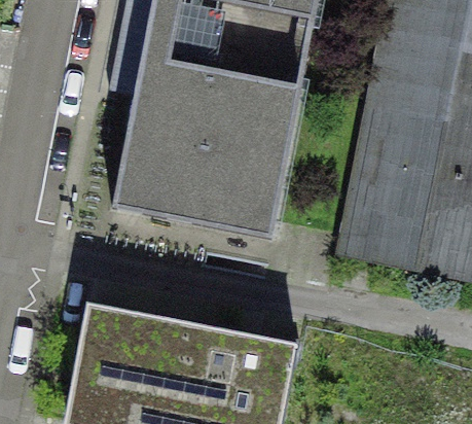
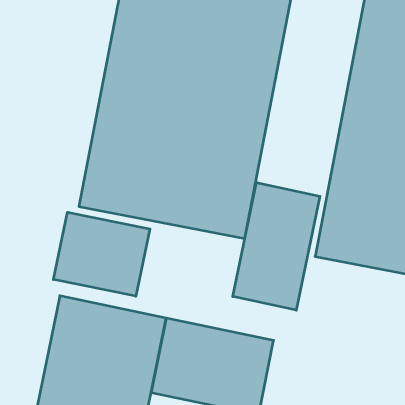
building: none -> [233,182,320,310]
building: none -> [53,212,150,296]

